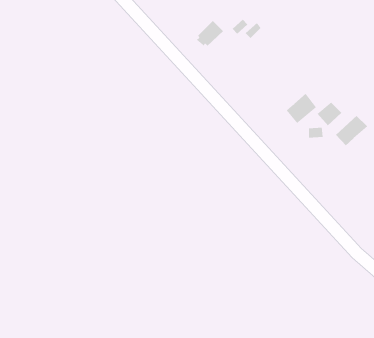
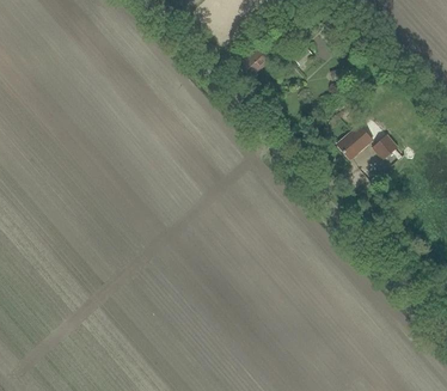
building: [335,115,368,146] -> none

